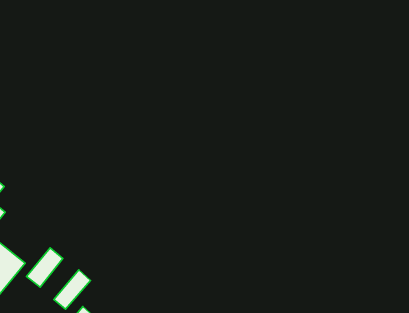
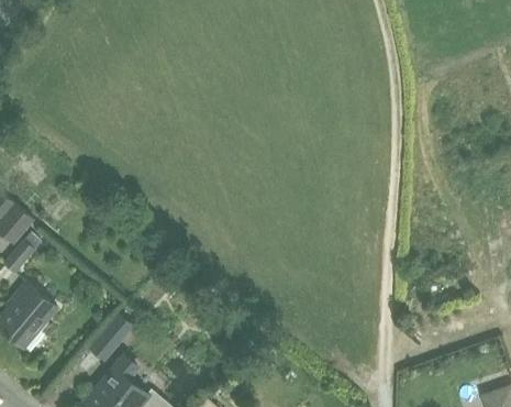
building: [26,248,63,287] -> none

